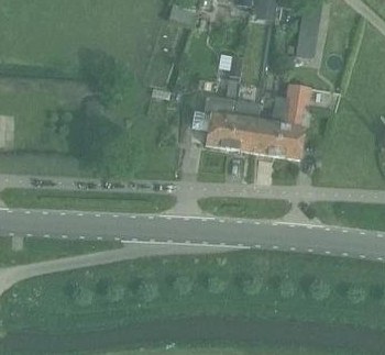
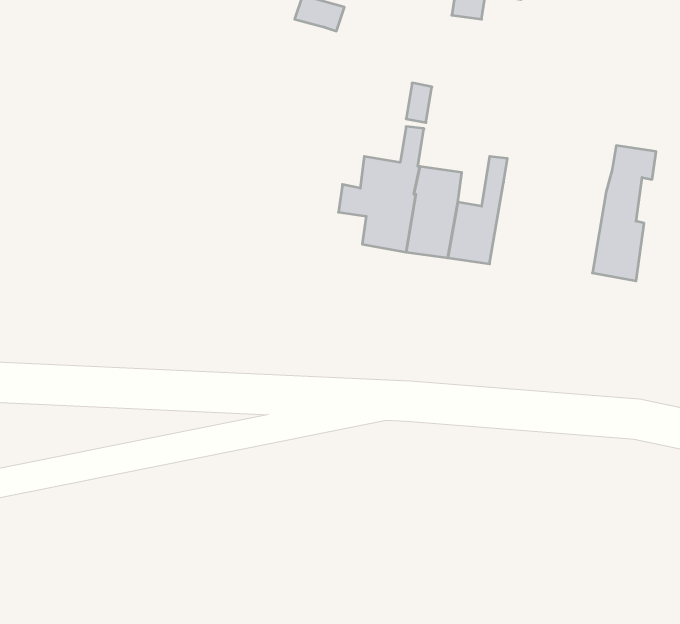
building: [295,14,319,56] -> none
building: [276,84,311,158] -> [592,146,656,281]

